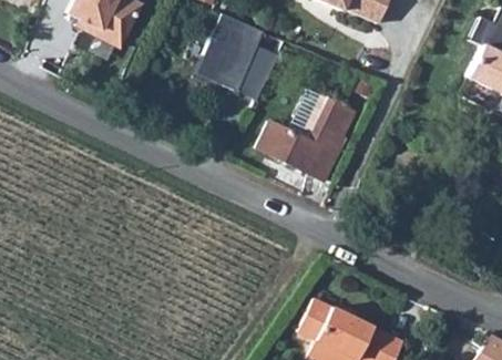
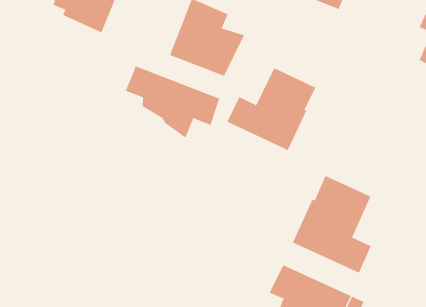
building: none -> [125,65,220,138]
building: none -> [292,175,371,273]

